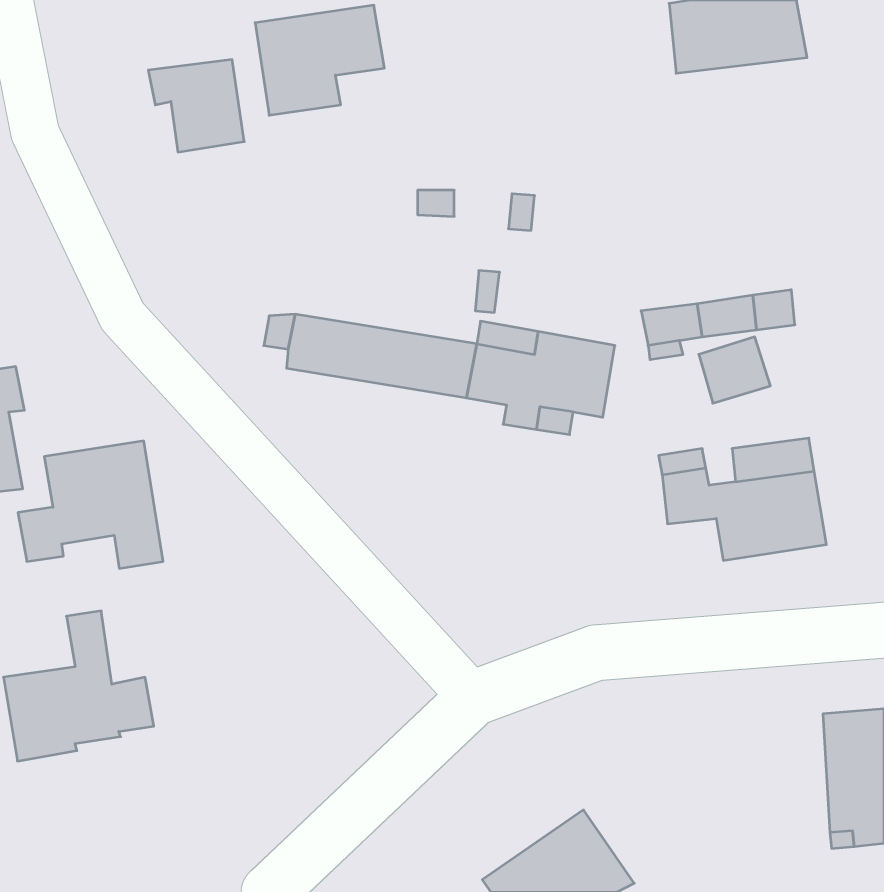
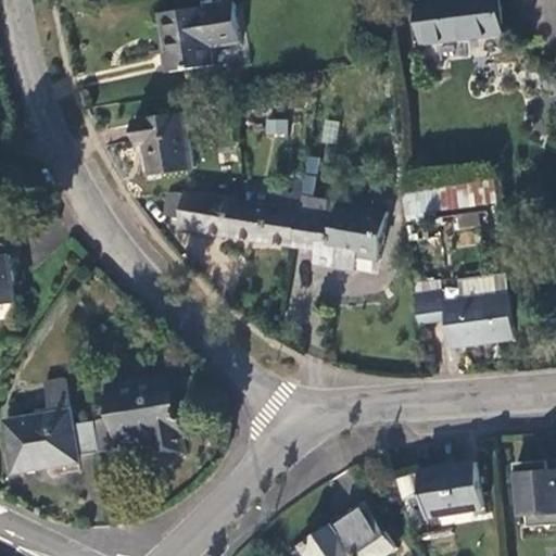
building: [148,60,244,152] -> [130,117,190,175]
building: [18,441,163,568] -> [90,377,180,456]
building: none -> [419,465,482,519]

